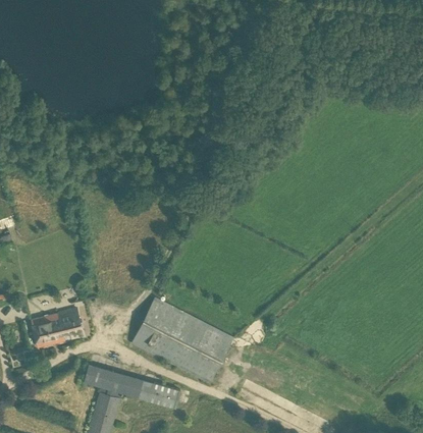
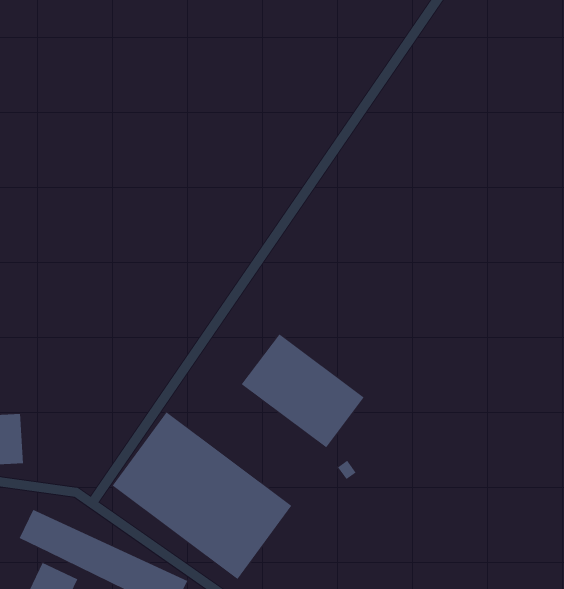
building: none -> [241,333,365,448]

